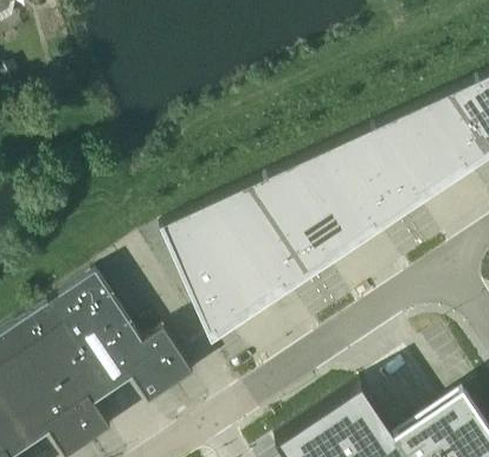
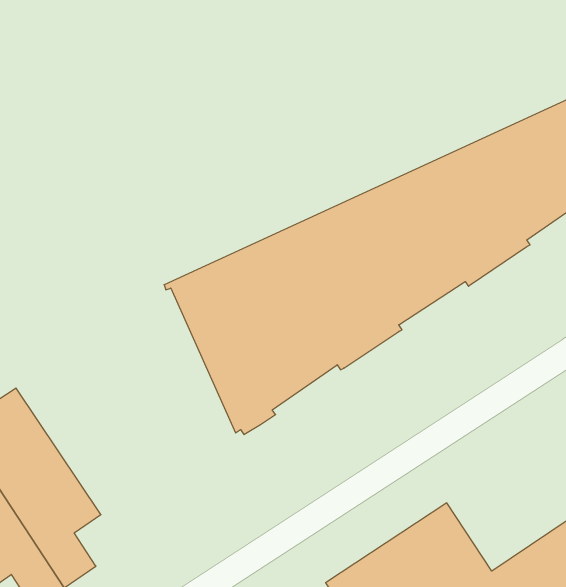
building: [54,275,194,405] -> none

